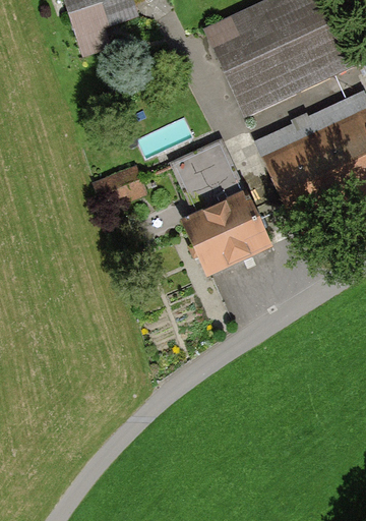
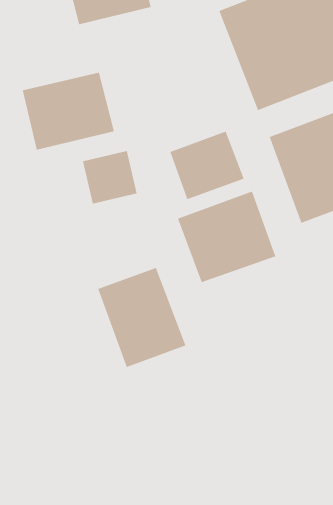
building: none -> [22,72,115,151]
building: none -> [97,267,186,368]

